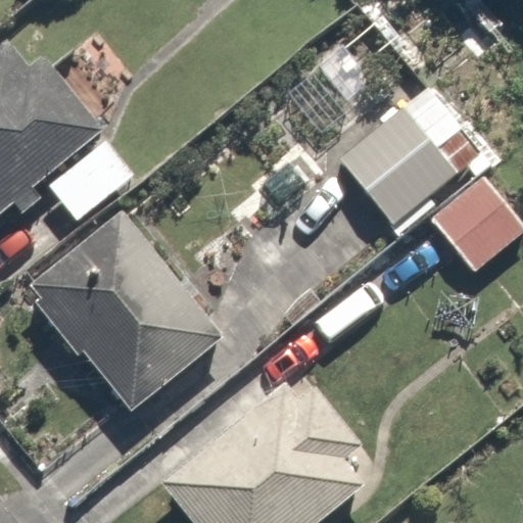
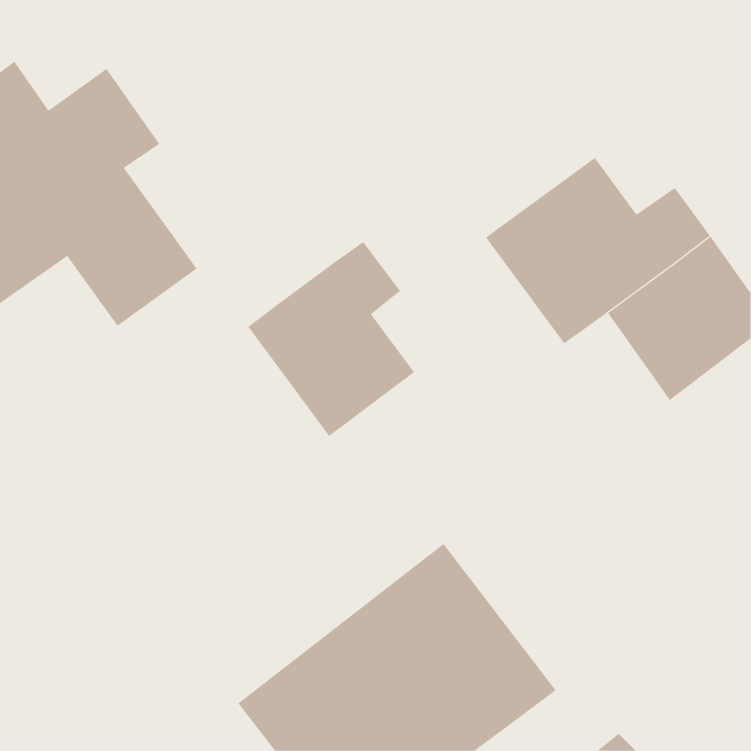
building: none -> [247,241,415,437]
building: [18,209,216,411] -> none

